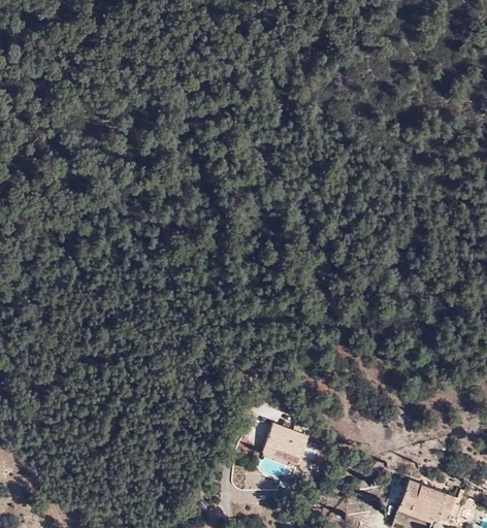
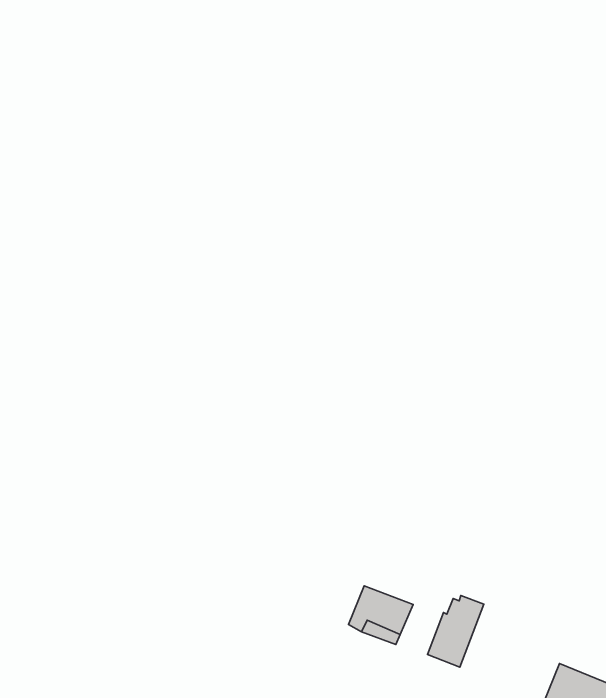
building: none -> [427,596,484,667]

